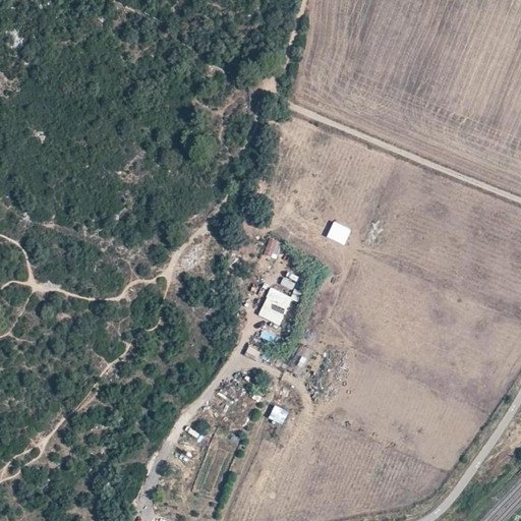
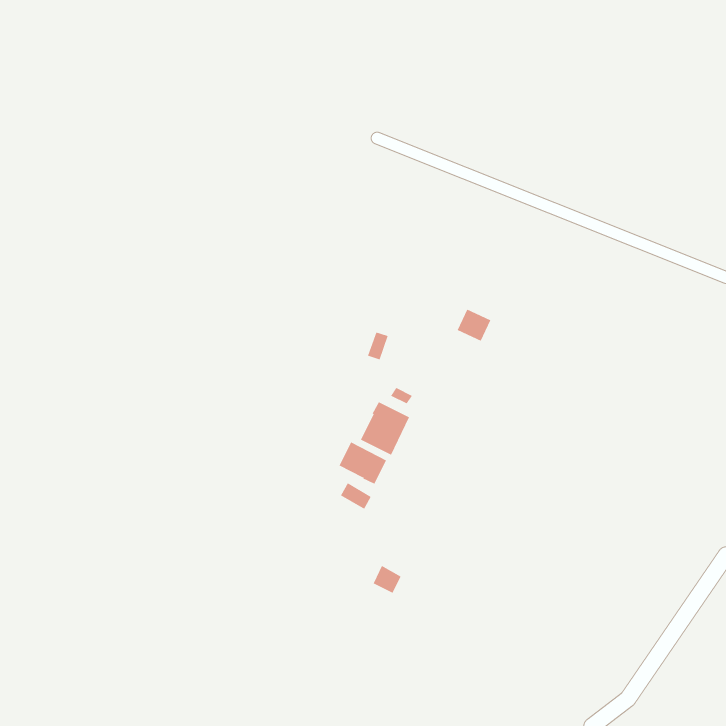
building: none -> [339,442,387,484]

